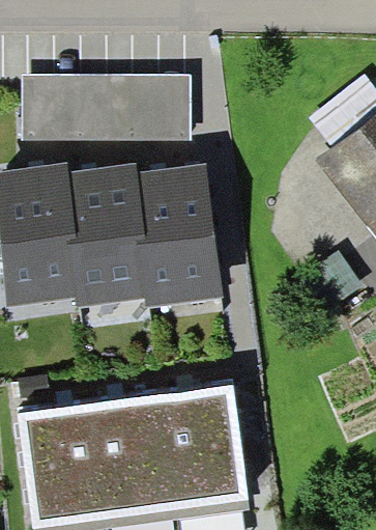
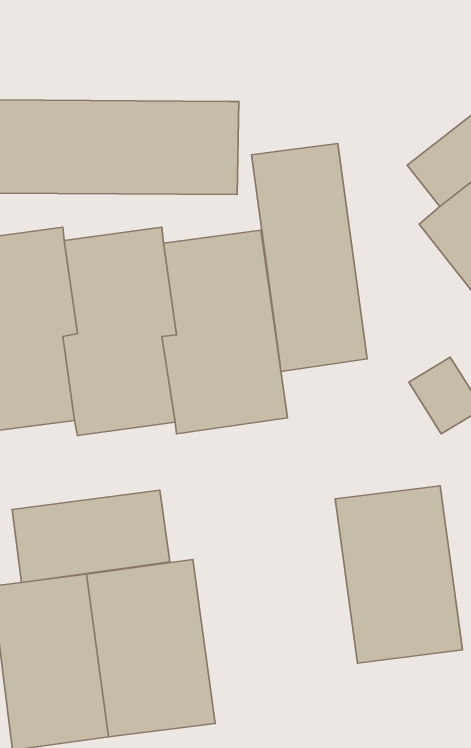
building: none -> [251,143,367,372]
building: none -> [12,490,170,582]
building: [158,386,248,510] -> [335,486,462,663]

